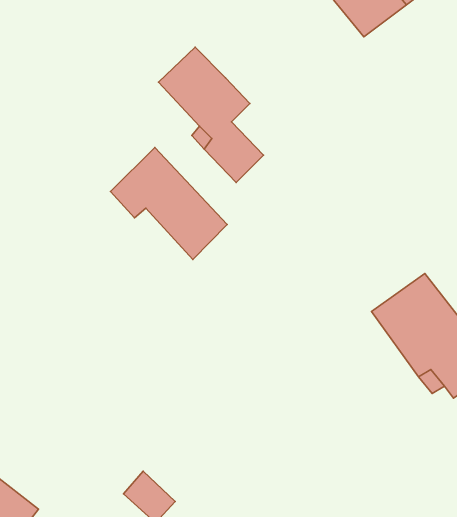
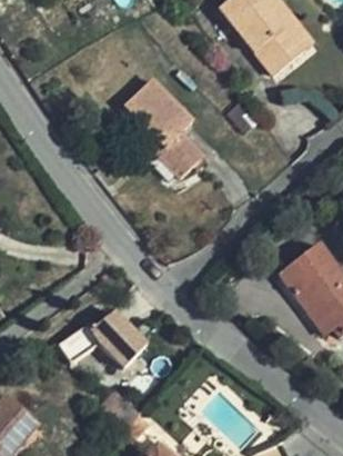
building: [111,148,227,260] -> none
building: none -> [59,303,148,364]

